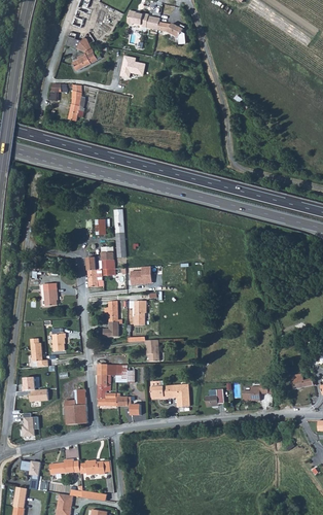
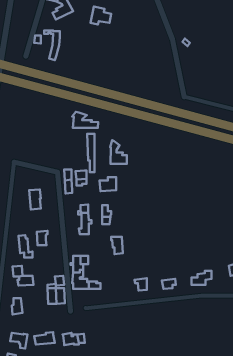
building: none -> [72,112,98,128]
building: none -> [110,140,127,164]
building: [150,380,189,398] -> none

